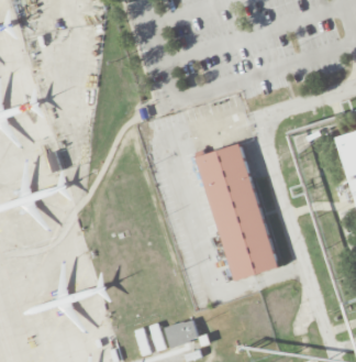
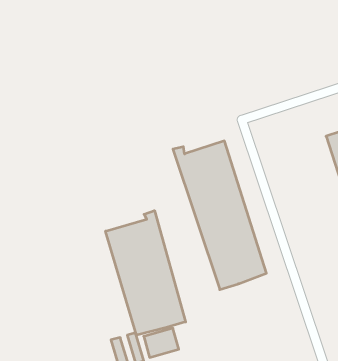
building: none -> [106,211,186,335]

